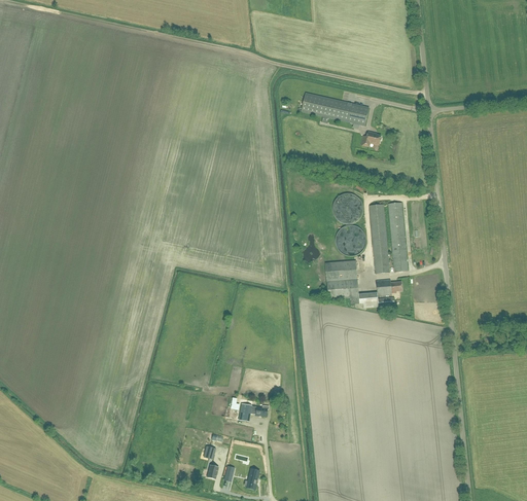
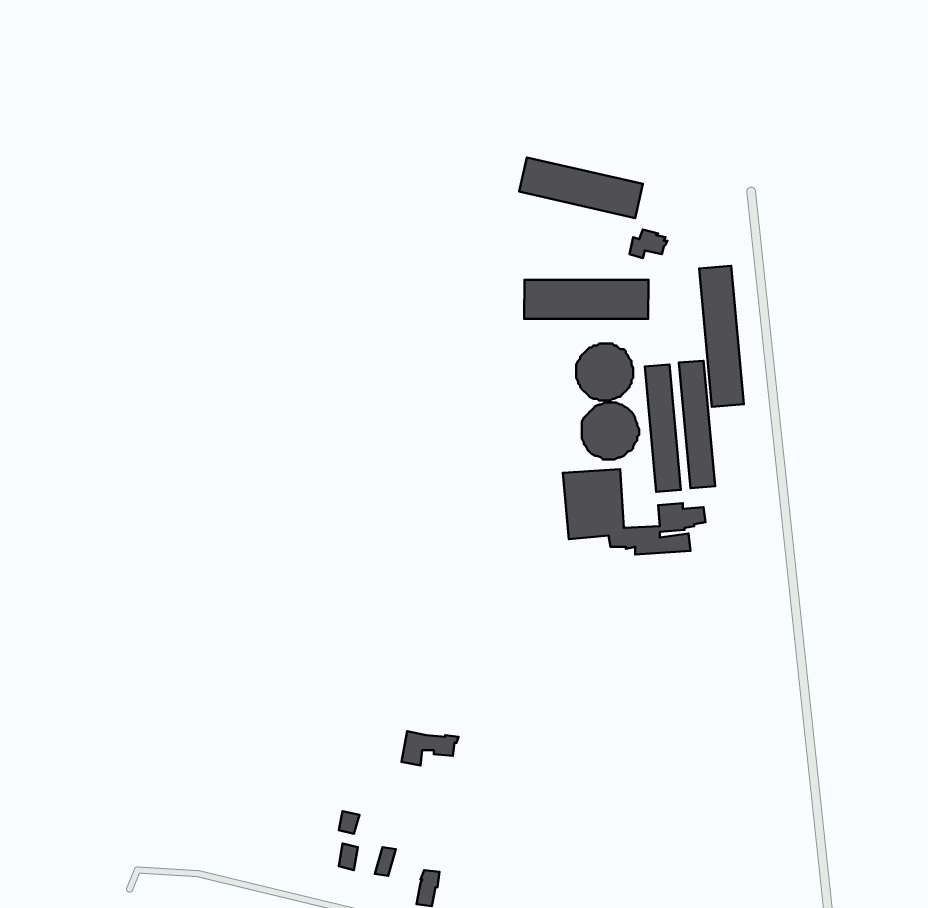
building: none -> [699,266,744,407]
building: none -> [524,280,648,319]

